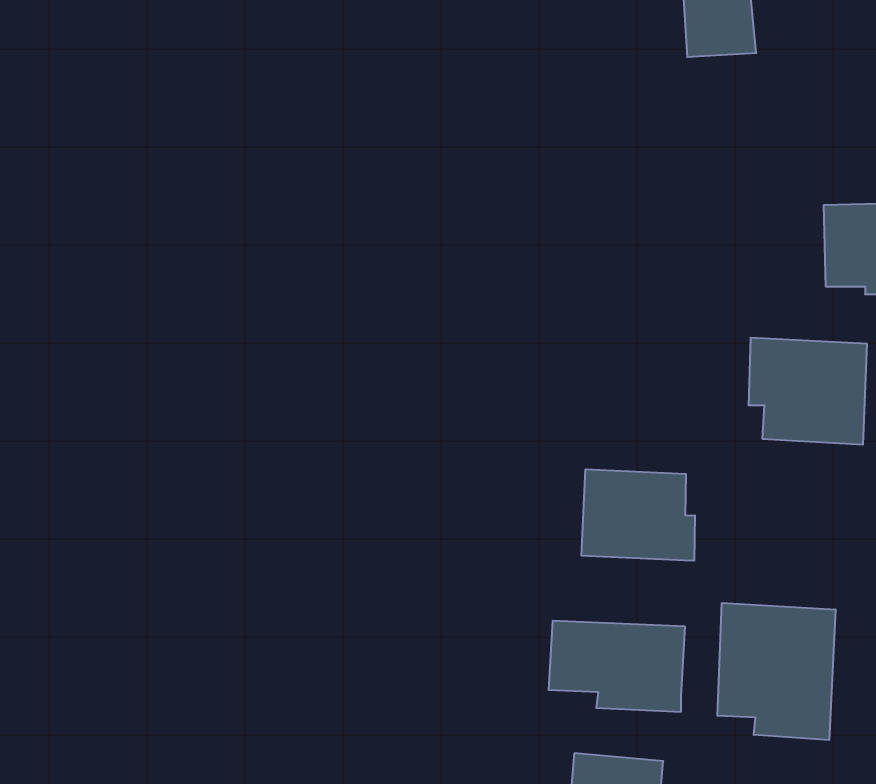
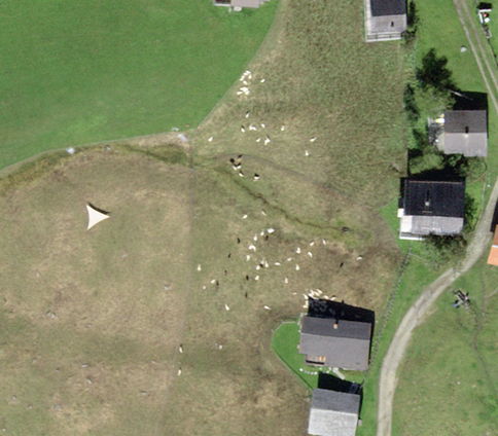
building: [582,469,695,561] -> none
building: [718,603,835,740] -> none

